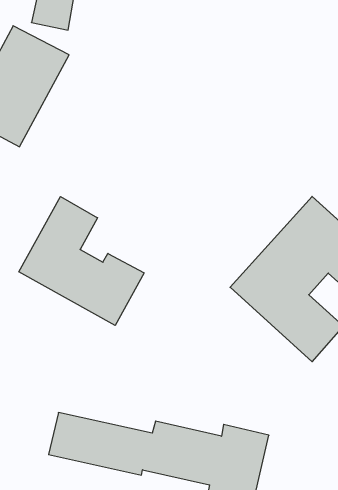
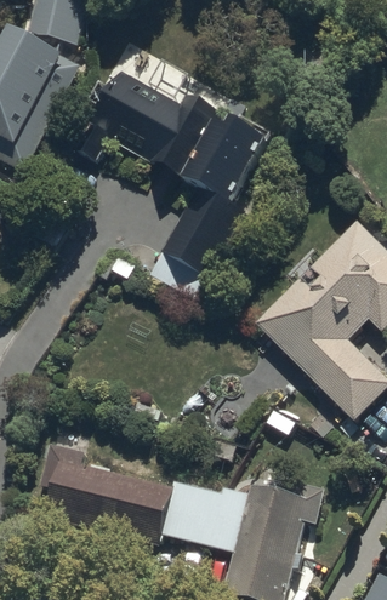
building: none -> [85,55,267,274]
building: [19,197,144,325] -> none

